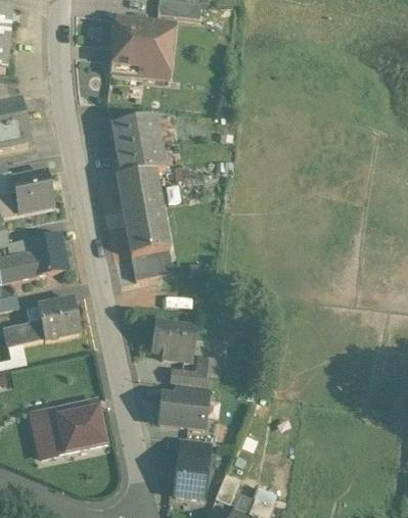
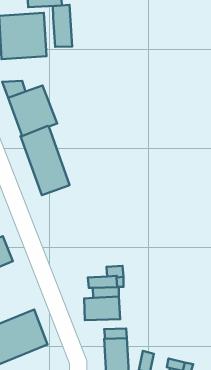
building: none -> [53,5,72,47]
building: [132,248,171,278] -> none
building: [153,321,194,361] -> none

